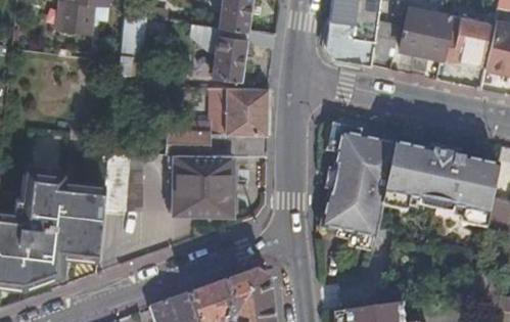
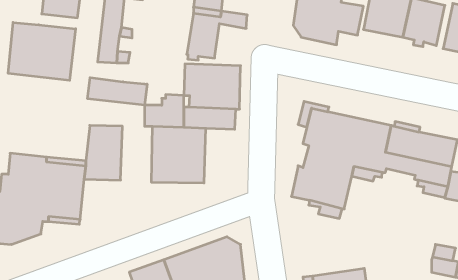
building: none -> [8,22,76,80]
building: none -> [88,78,147,105]

